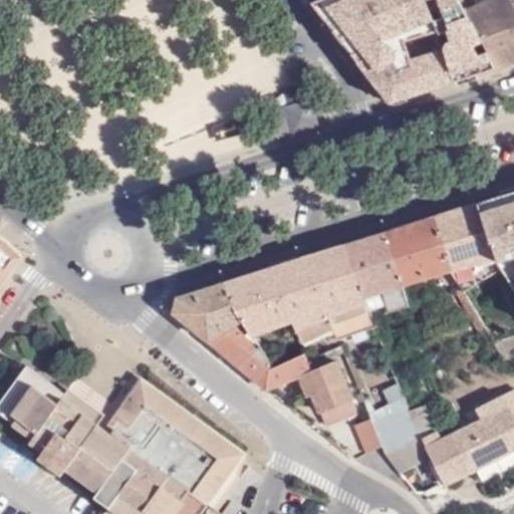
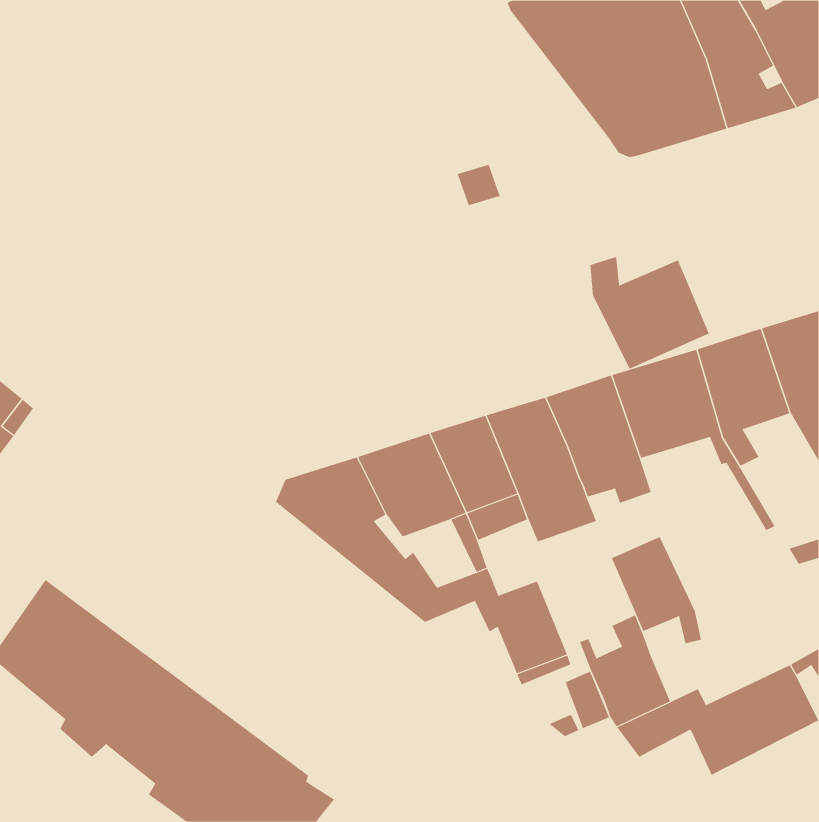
building: none -> [590,256,710,369]
building: none -> [611,536,702,644]
building: [106,375,250,499] -> none

